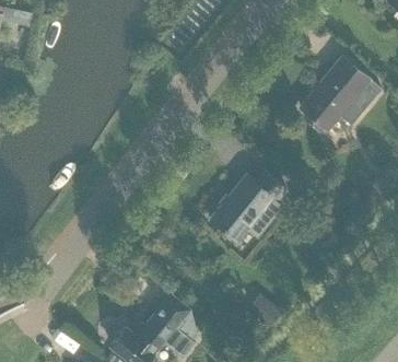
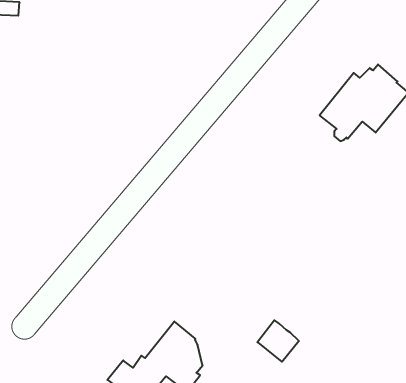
building: [210,172,286,242] -> none

